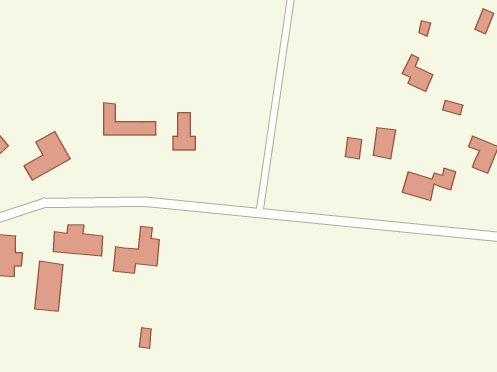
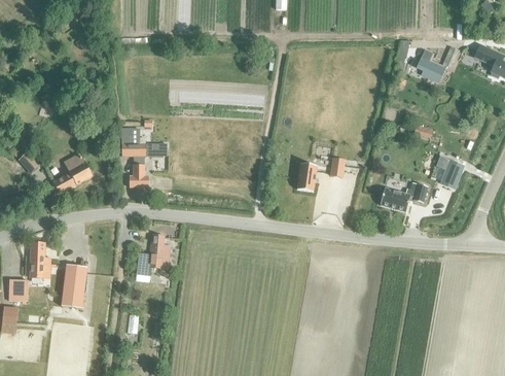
building: [402,54,433,91] -> [416,49,442,81]
building: [173,113,195,150] -> [128,155,147,186]
building: [373,128,396,159] -> [296,163,316,190]
building: [54,225,102,256] -> none

